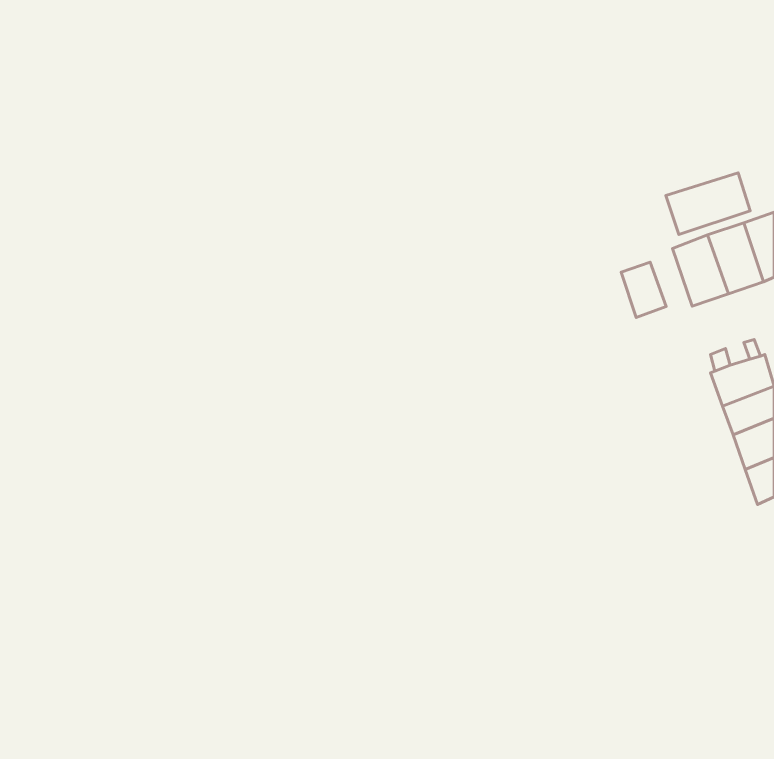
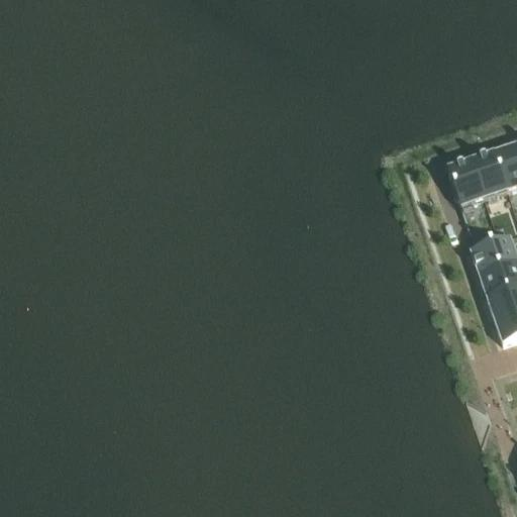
building: [666,173,750,234] -> none
building: [621,262,666,317] -> none

